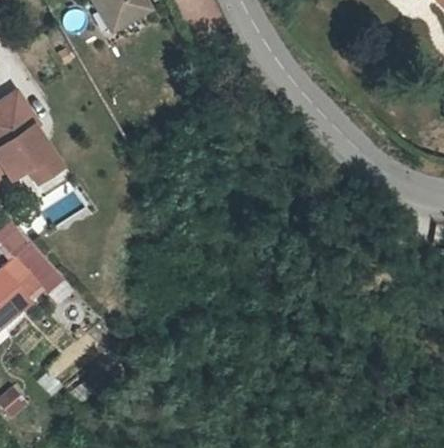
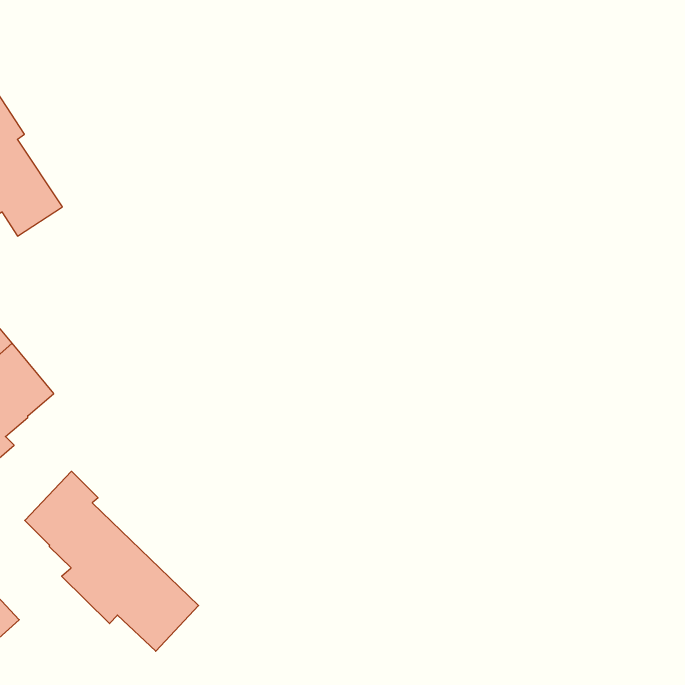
building: none -> [25,471,199,651]

